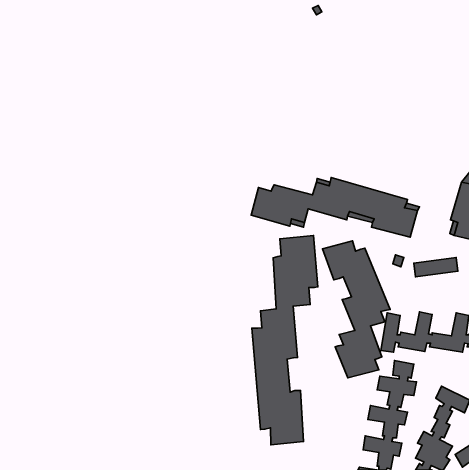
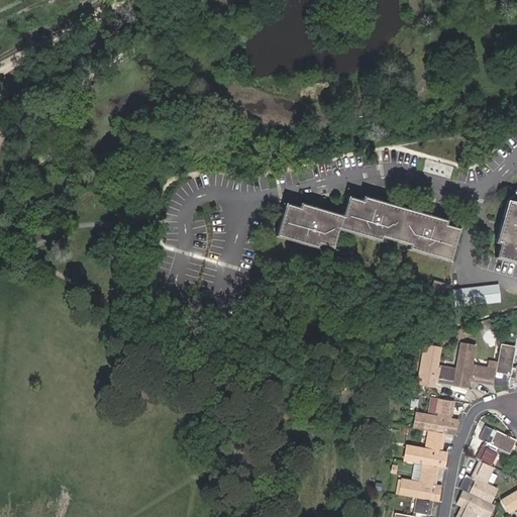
building: [252,236,318,445] -> none
building: [322,241,390,378] -> none

